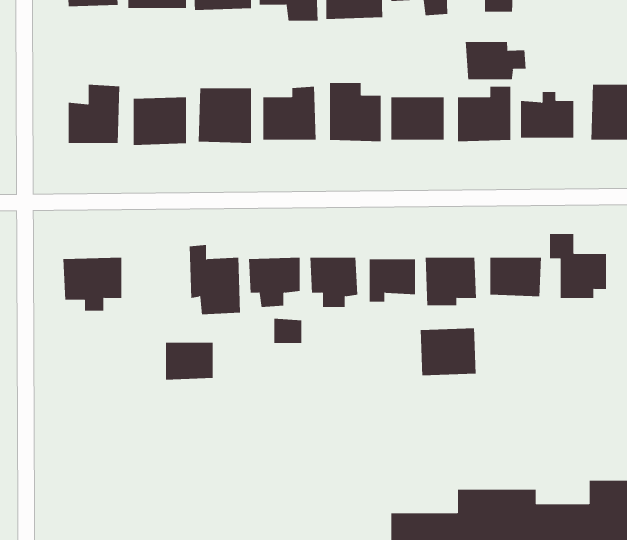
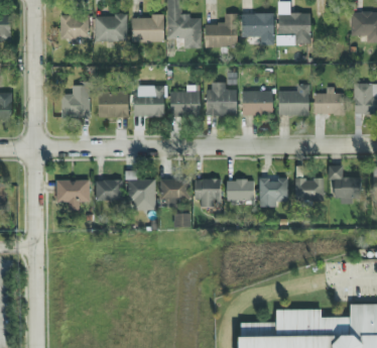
building: [465,41,526,80] -> none
building: [420,328,476,376] -> none
building: [165,342,214,380] -> [97,181,124,202]

